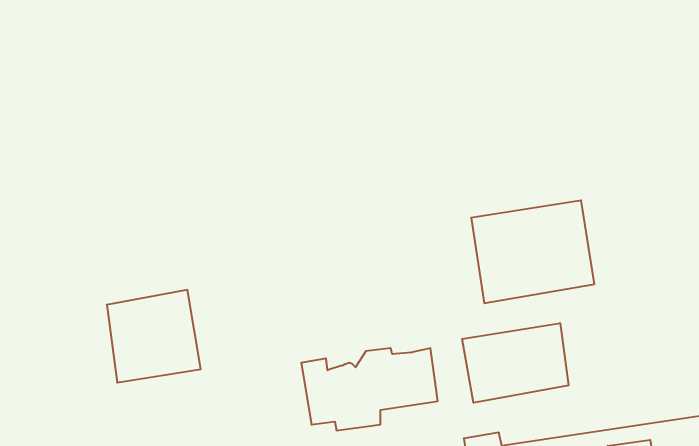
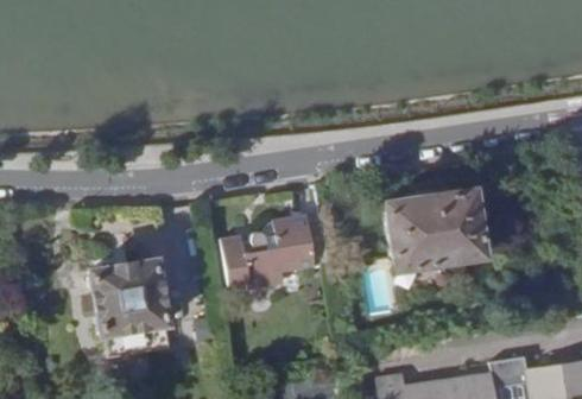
building: [462,323,569,403] -> none
building: [301,348,438,430] -> [221,218,331,285]

